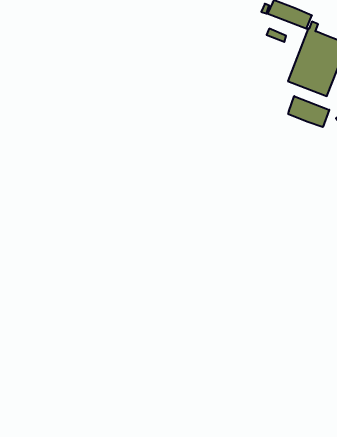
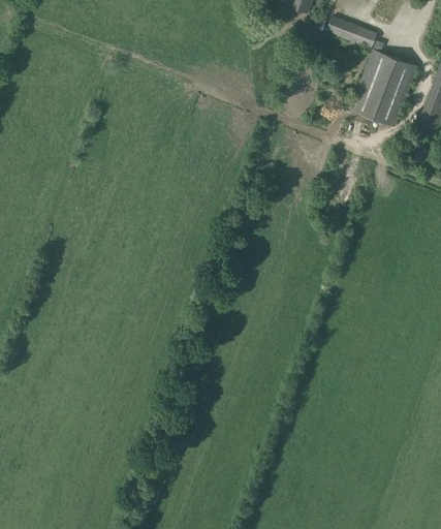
building: [288,96,329,127] -> none

